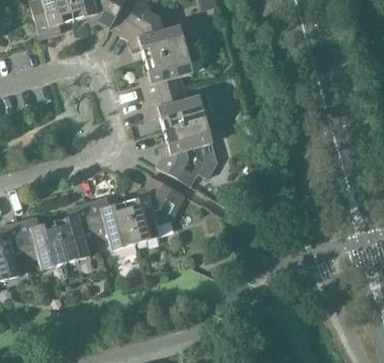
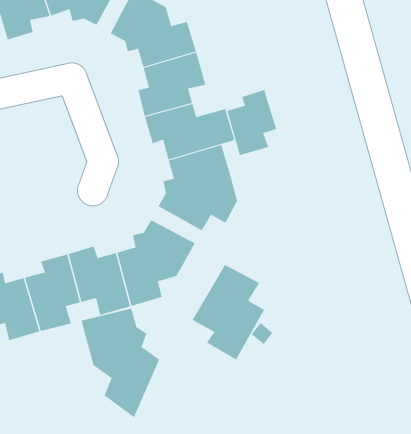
building: none -> [227,89,277,156]
building: none -> [192,264,265,360]
building: none -> [81,308,160,418]

